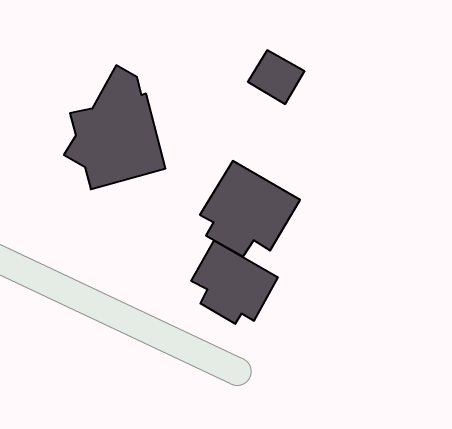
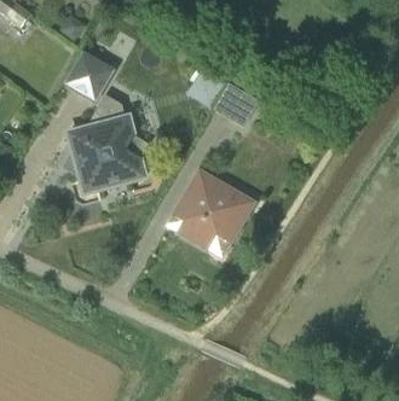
building: none -> [60,48,114,101]
building: [191,240,278,324] -> none

